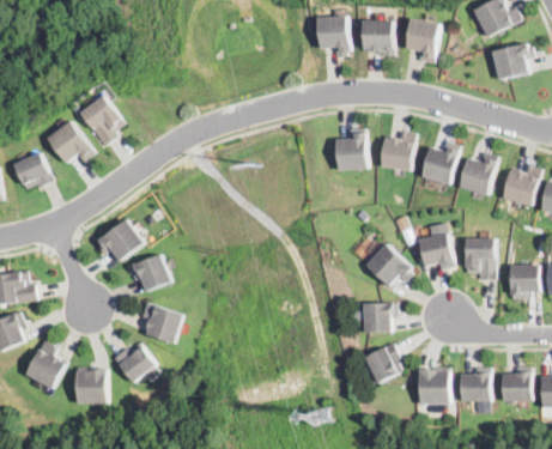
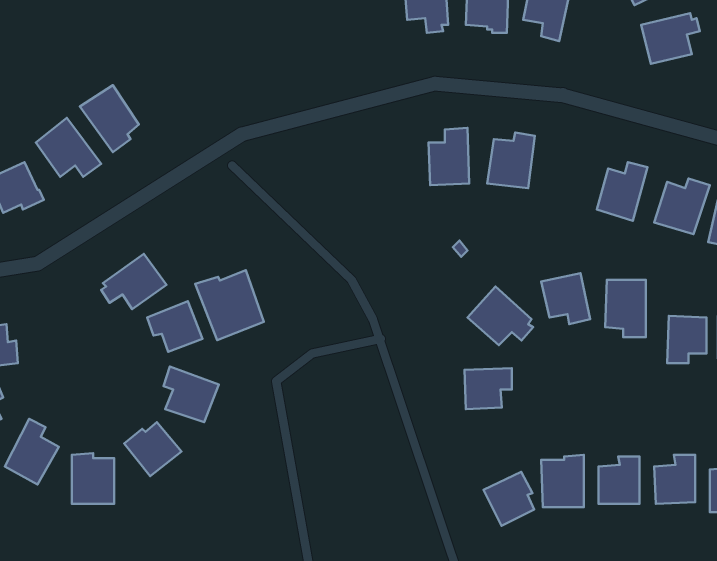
building: [420,141,460,184] -> none
building: none -> [195,270,264,340]
building: [364,344,401,383] -> [483,472,534,526]

